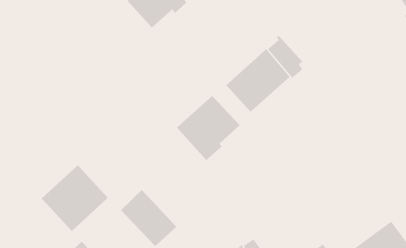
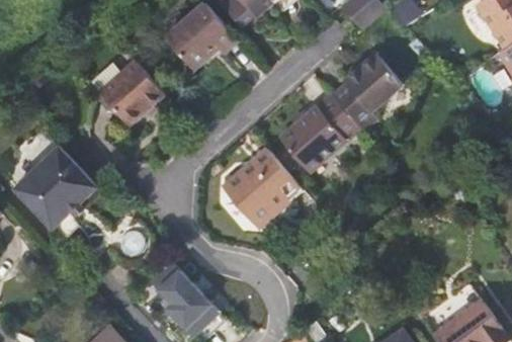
building: none -> [346,55,400,109]
building: none -> [89,58,164,123]
building: [41,164,109,232] -> [12,148,94,230]

